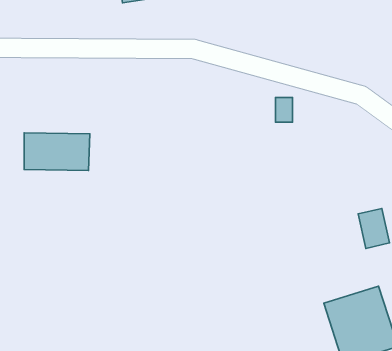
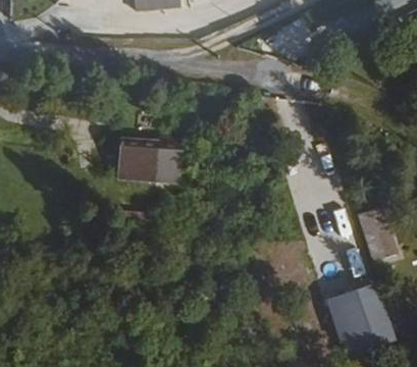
building: [24,133,90,170] -> [116,153,178,189]

